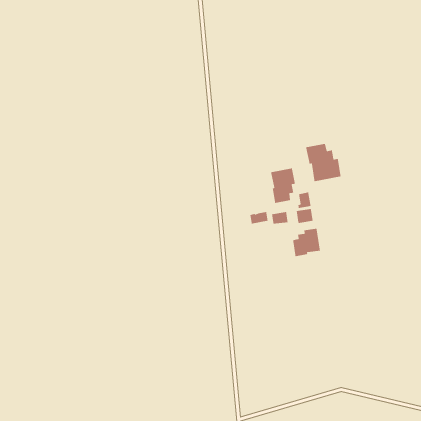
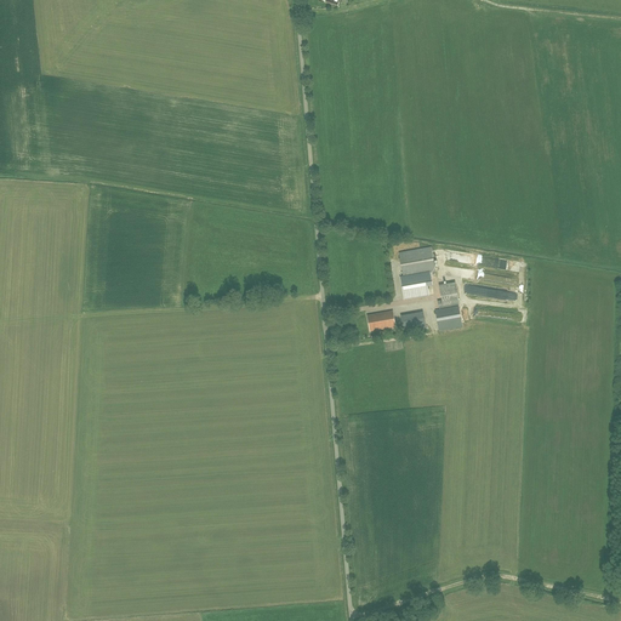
building: [305,143,341,182] -> none
building: [292,228,321,257] -> none

